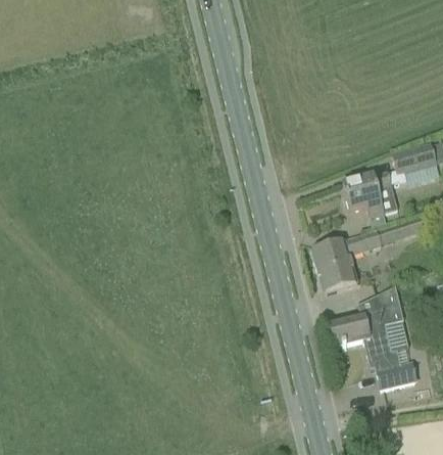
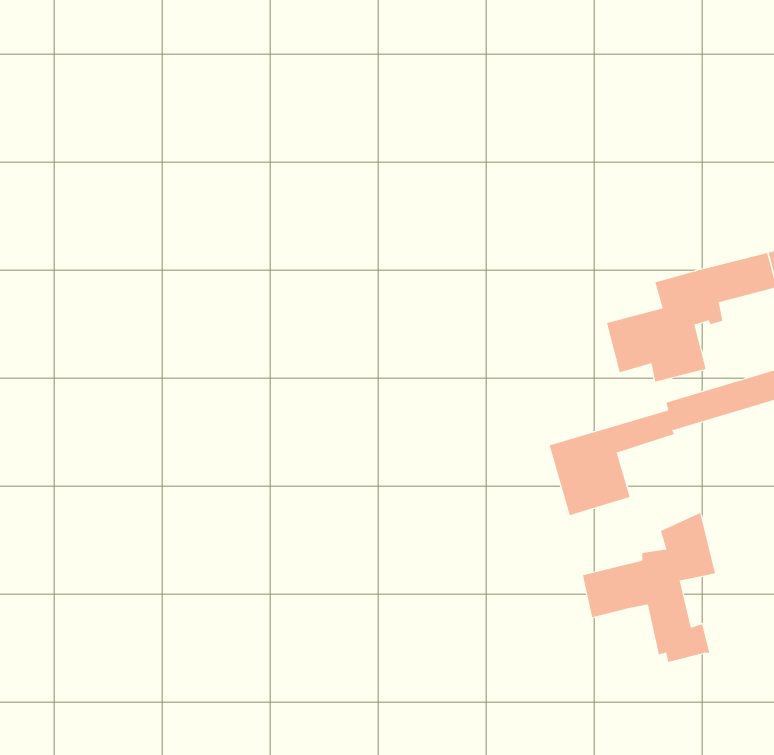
building: [377,363,415,390] -> none

